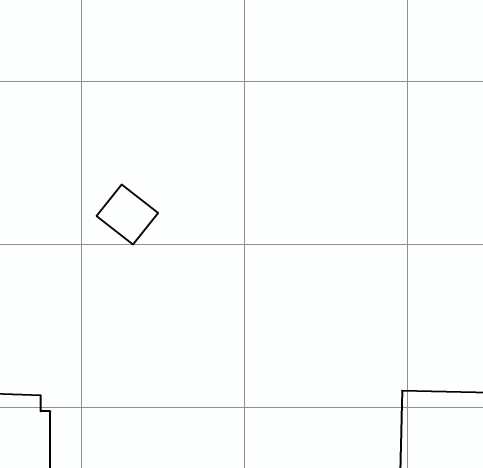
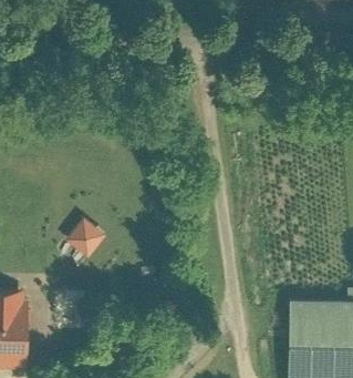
building: [97,185,158,244] -> [61,214,104,256]

